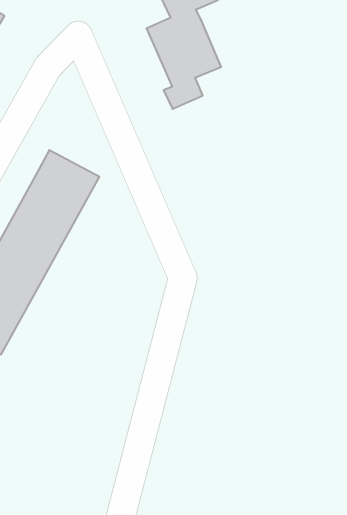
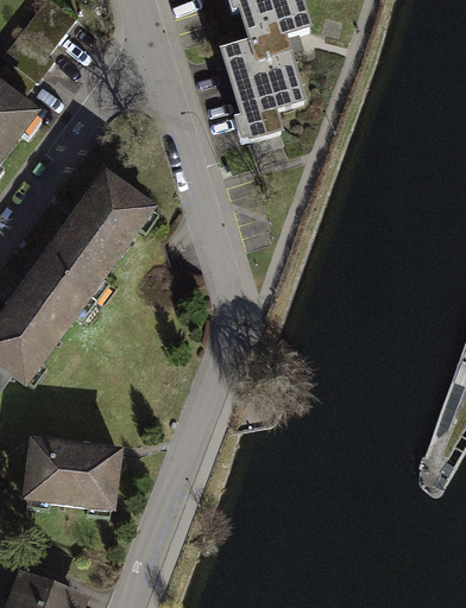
building: none -> [20,437,120,511]

